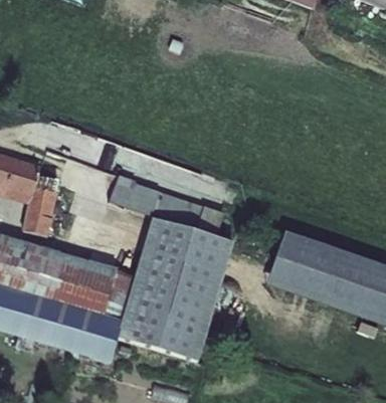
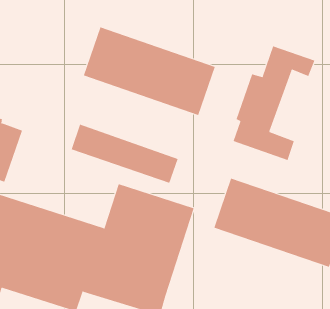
building: none -> [83,27,215,116]
building: none -> [233,46,315,161]

